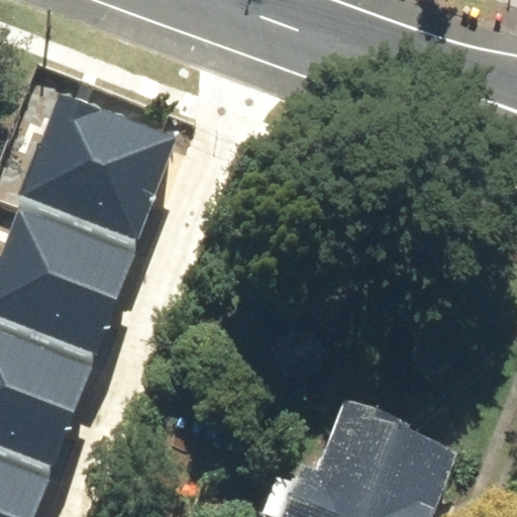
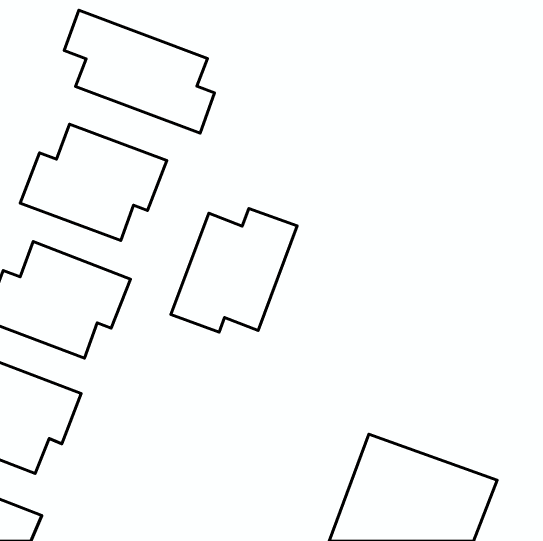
building: none -> [64,10,215,133]
building: none -> [171,208,297,332]

